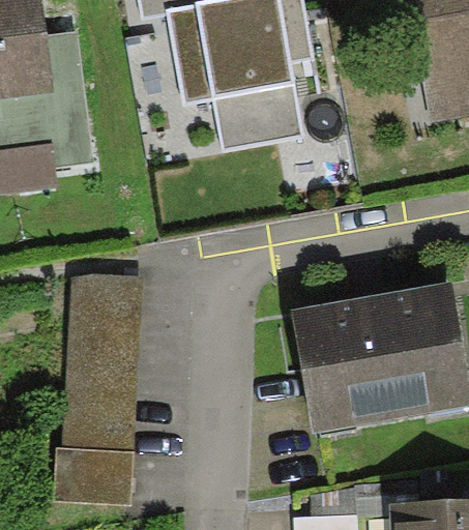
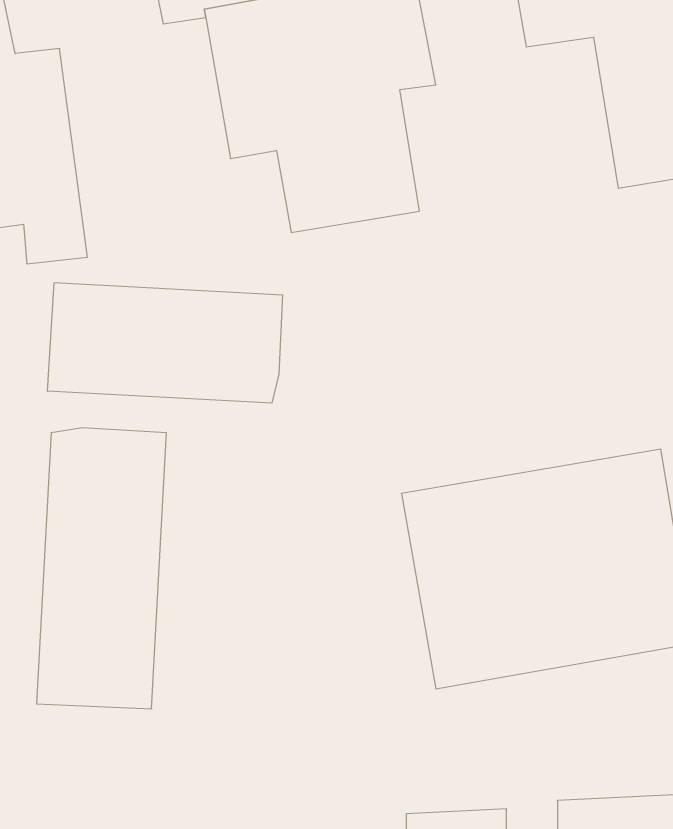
building: none -> [47,283,283,403]
building: [54,445,134,503] -> none

